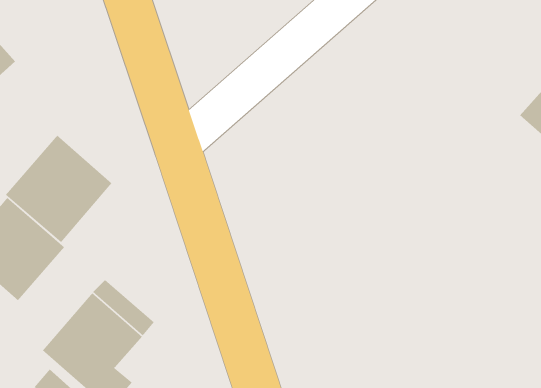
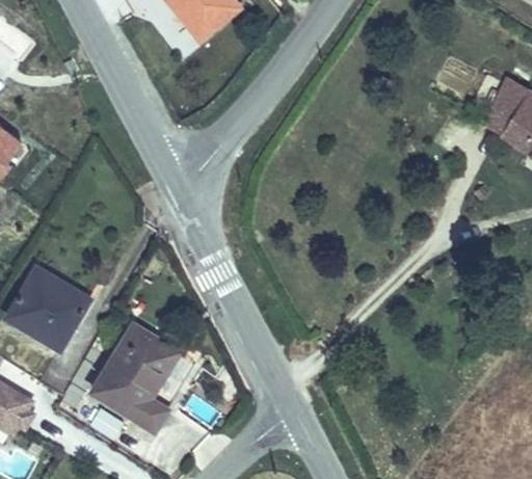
building: [5,135,112,243] -> none

